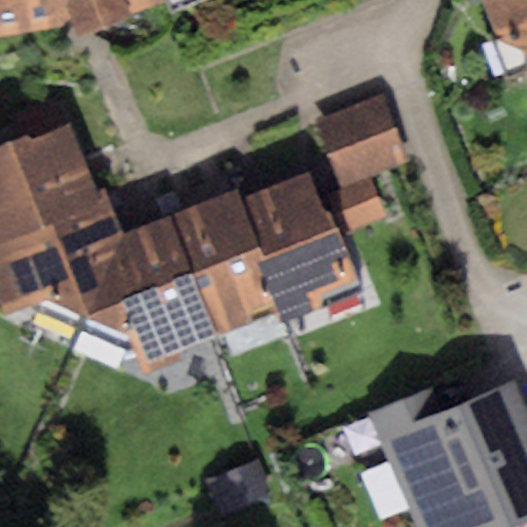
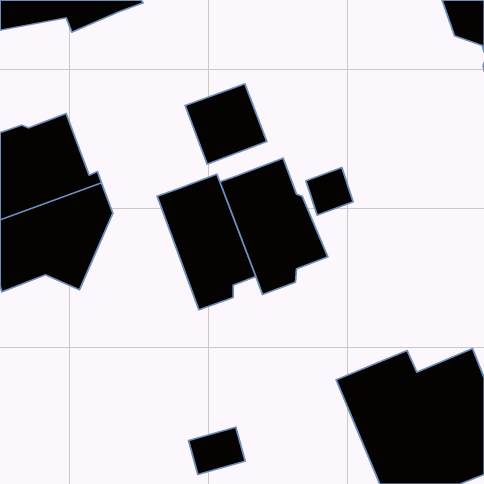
building: [317,97,406,184] -> [185,84,267,164]
building: [86,213,216,374] -> none

